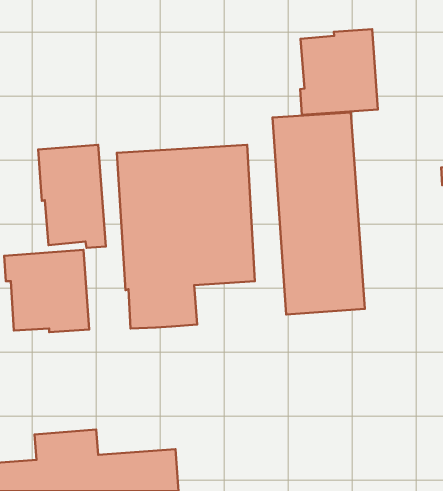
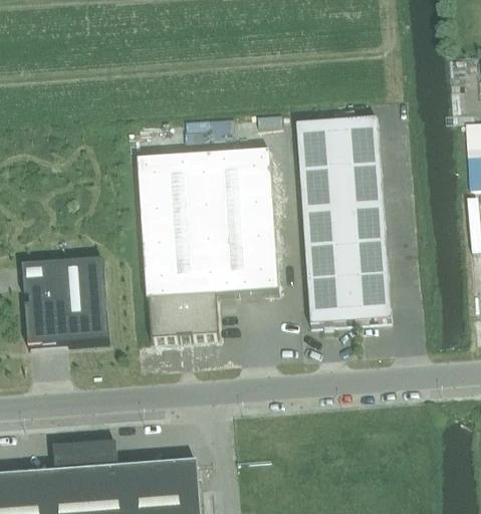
building: [300,29,378,115] -> none
building: [38,145,106,248] -> none

